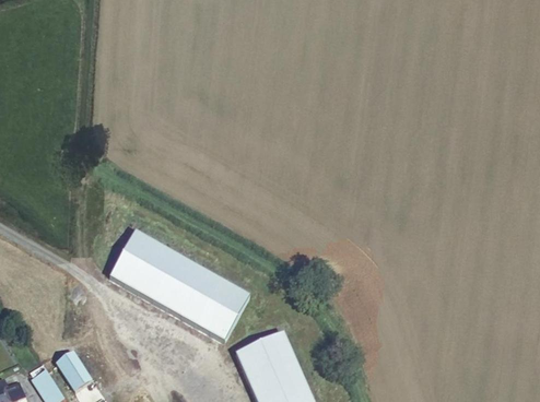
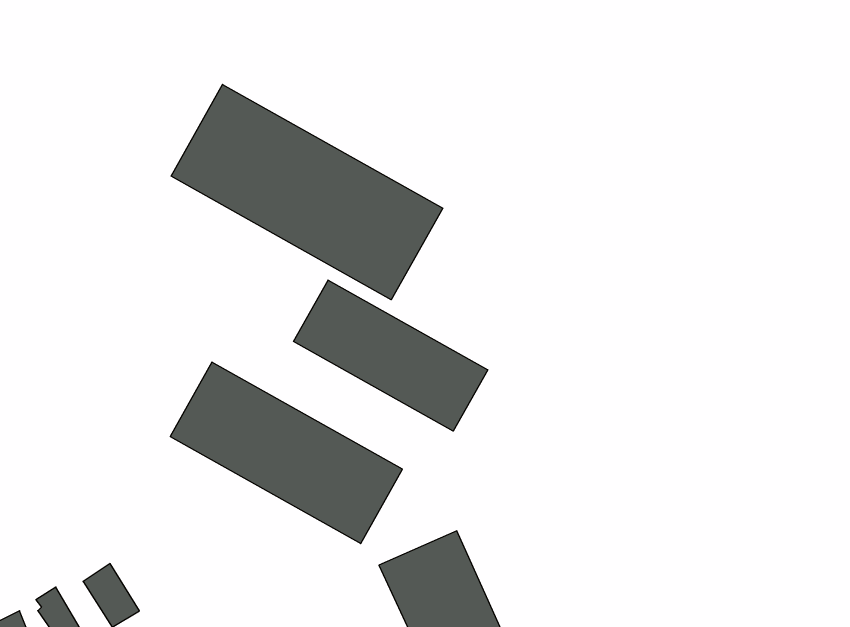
building: none -> [171,84,443,300]
building: none -> [294,280,488,431]

